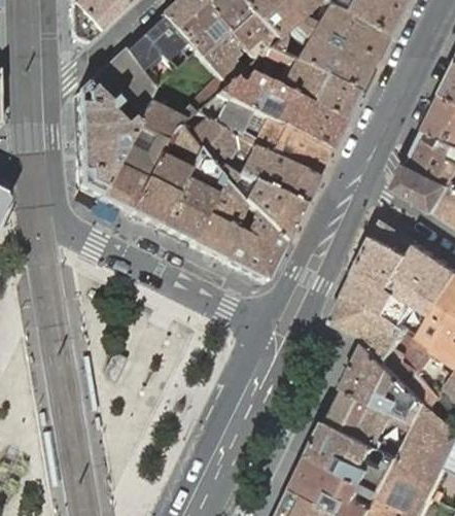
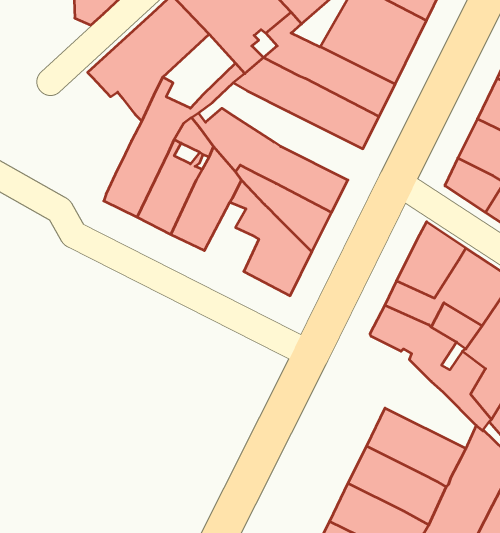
building: [75,81,134,196] -> none
building: [197,91,330,177] -> none
building: [189,197,238,259] -> none
building: [350,337,431,416] -> none

